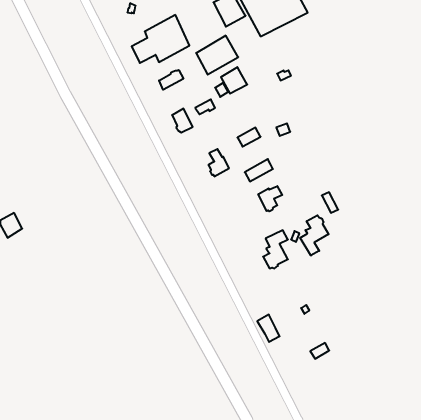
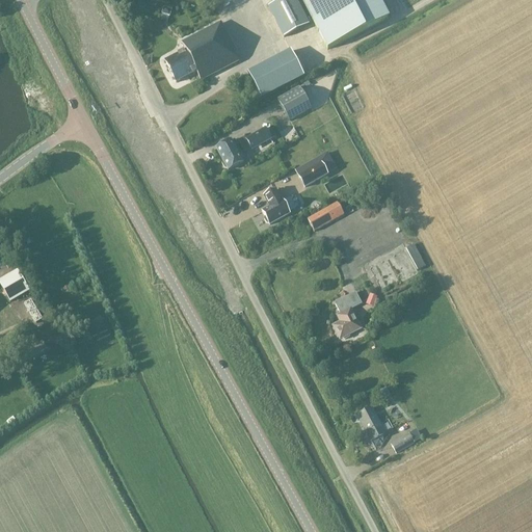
building: [159,70,183,90] -> none
building: [258,186,282,211] -> none
building: [300,215,329,256] -> none
building: [257,315,280,342] -> [358,404,387,438]

